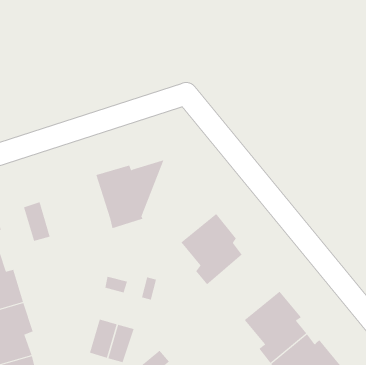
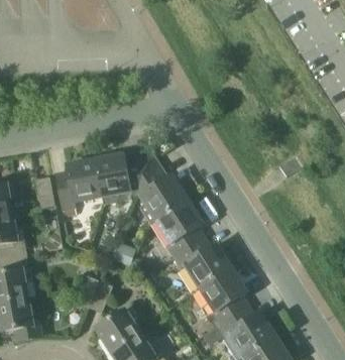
building: none -> [128,154,188,222]
building: none -> [54,160,102,215]
building: none -> [174,237,231,289]

